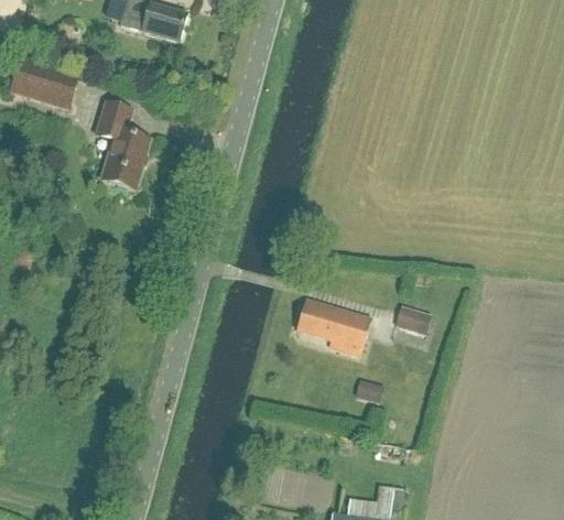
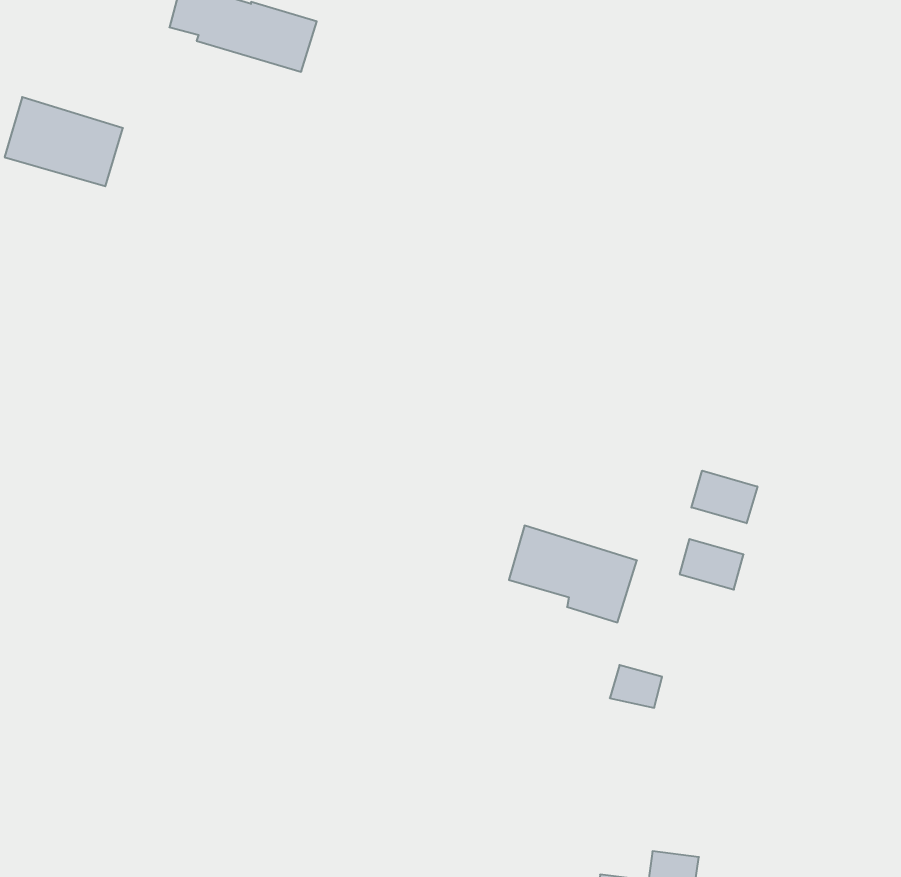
building: [97,101,151,188] -> none
building: none -> [691,471,757,523]

